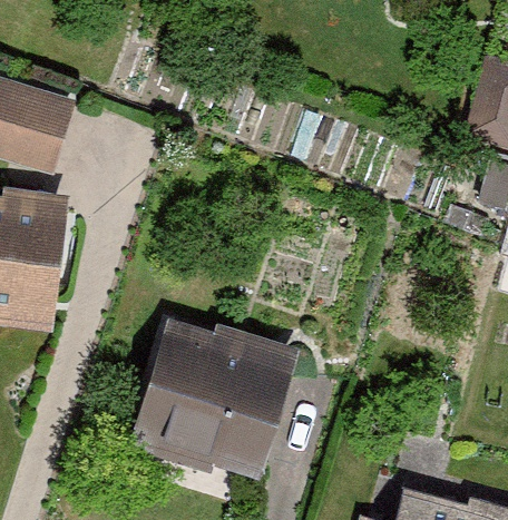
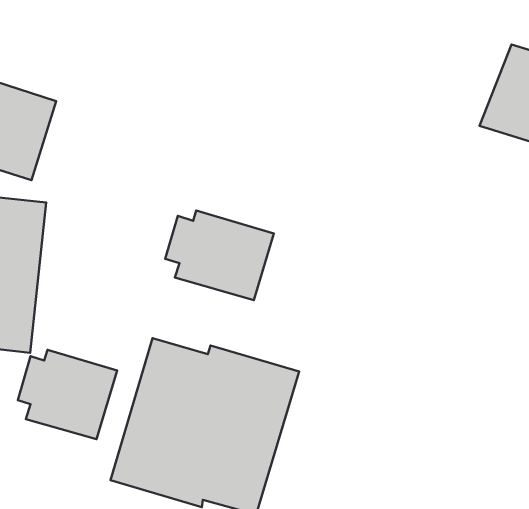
building: none -> [165,210,274,300]
building: none -> [18,350,117,439]

